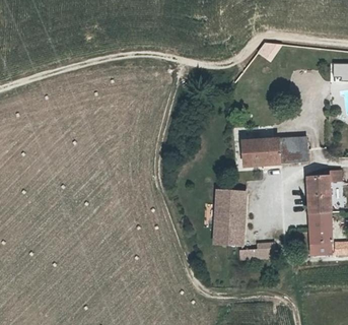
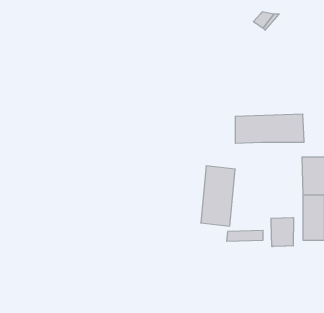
building: none -> [271,218,293,247]

